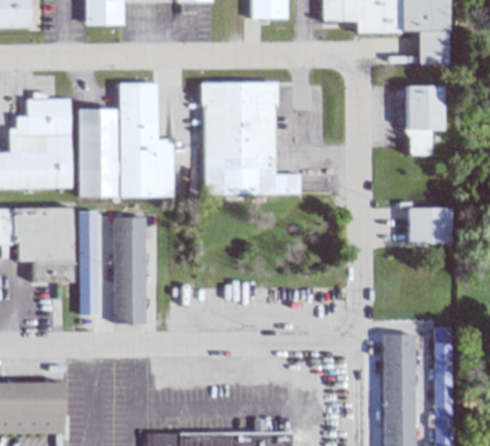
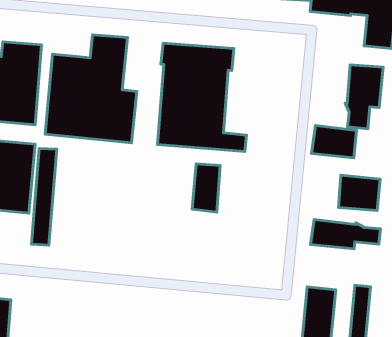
building: none -> [312,126,357,158]
building: none -> [192,164,220,212]
building: [113,217,147,325] -> none
building: none -> [311,219,380,249]

